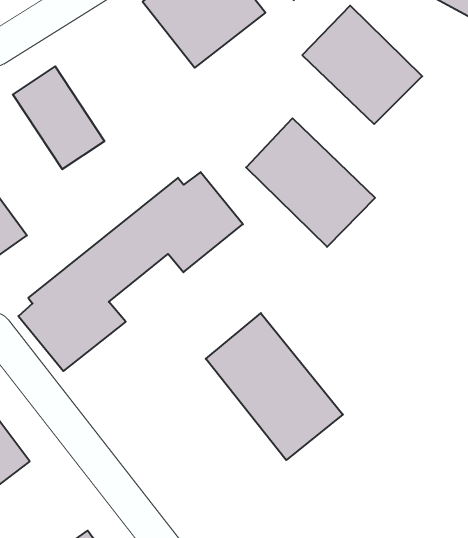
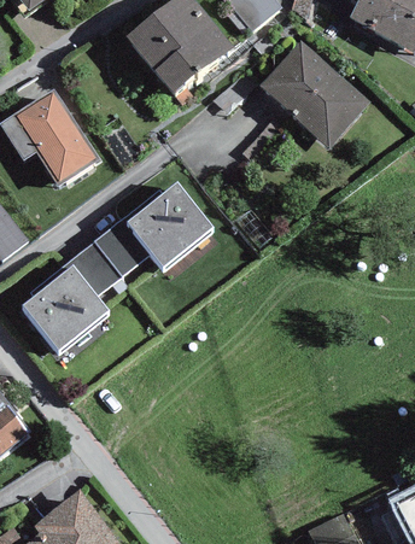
building: [246,118,375,247] -> none
building: [206,313,343,460] -> none

